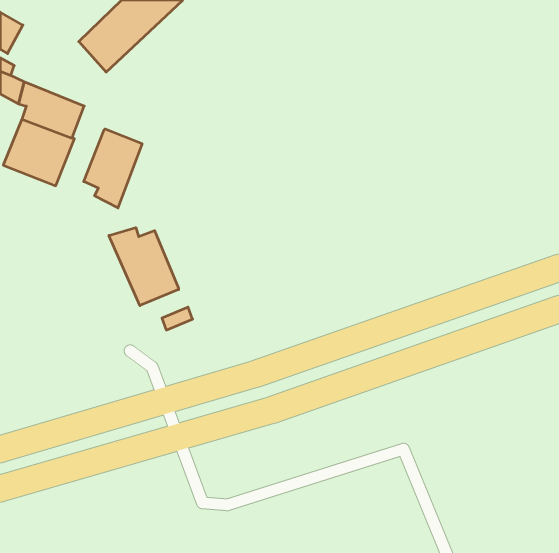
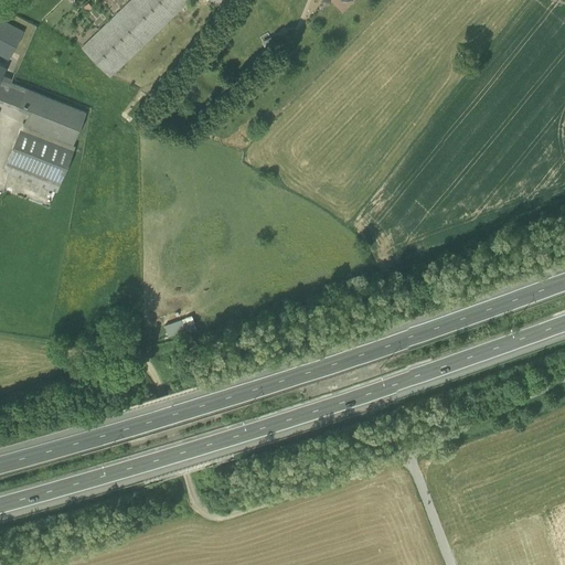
building: [84,129,142,208] -> none
building: [109,228,179,306] -> none

